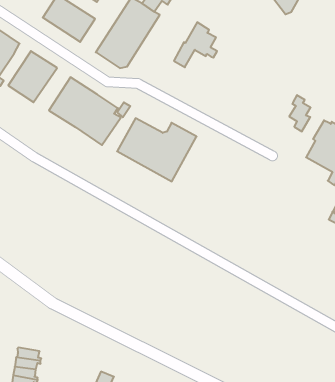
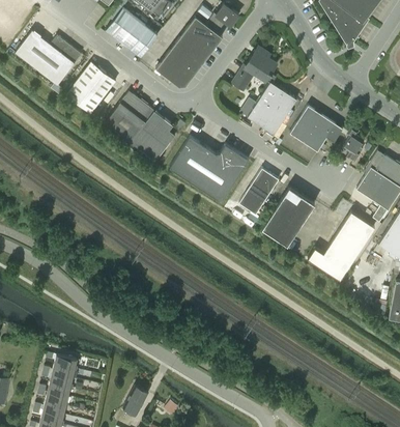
building: none -> [239,82,296,135]
building: none -> [290,106,342,150]
building: none -> [238,168,279,215]
building: none -> [261,187,314,246]
building: none -> [308,211,373,280]

